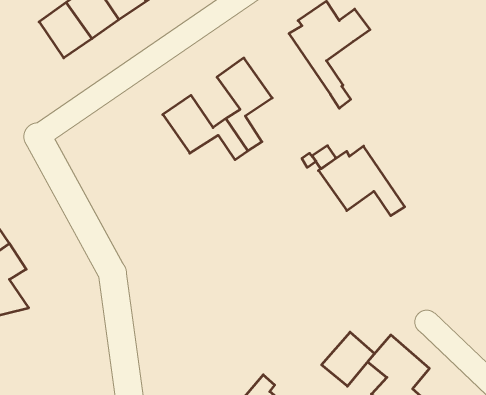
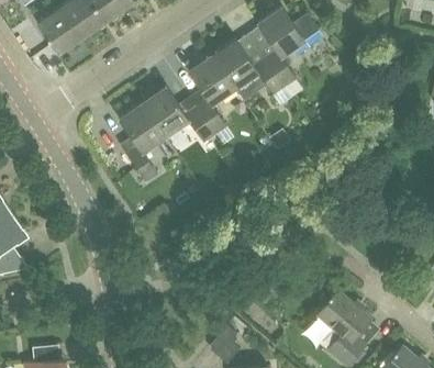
building: none -> [119,102,179,178]
building: [318,146,405,216] -> [211,33,285,92]
building: [322,332,375,386] -> none

